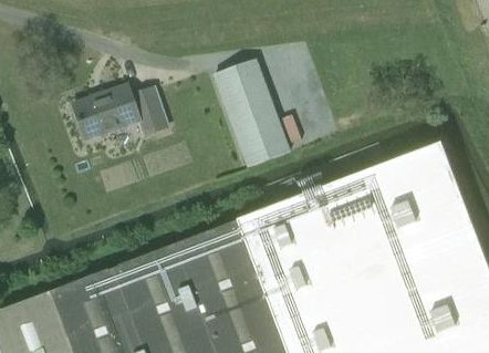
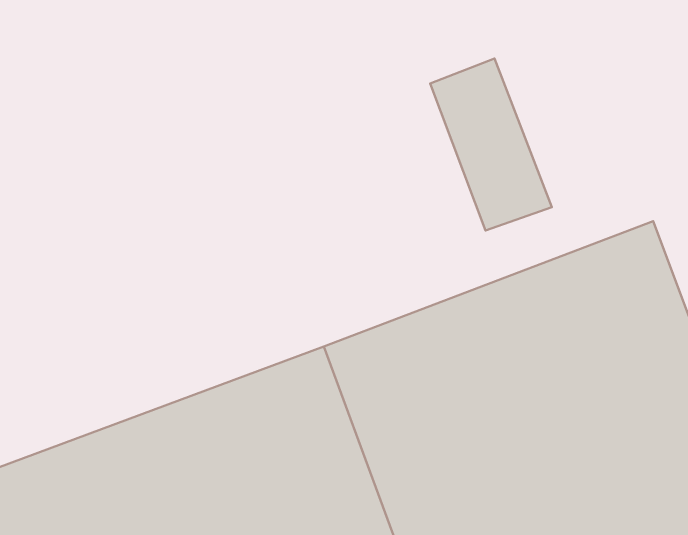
building: [215,59,290,165] -> [430,59,552,230]
building: [73,84,167,138] -> none

